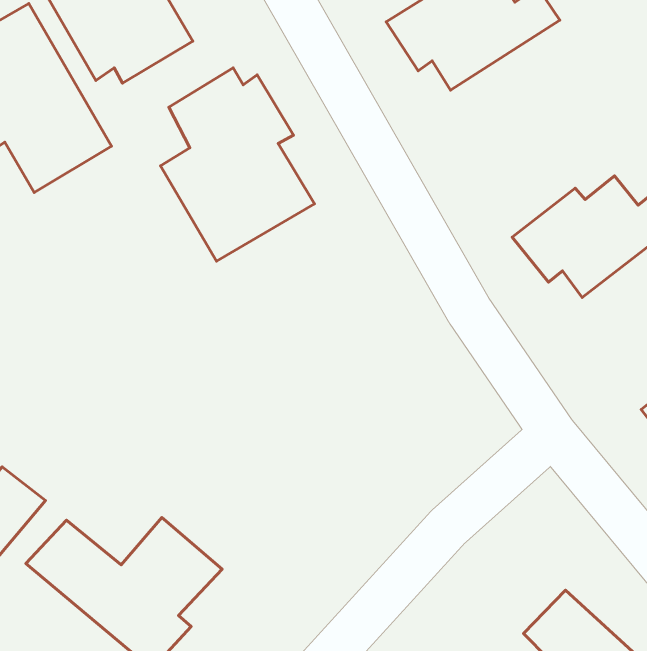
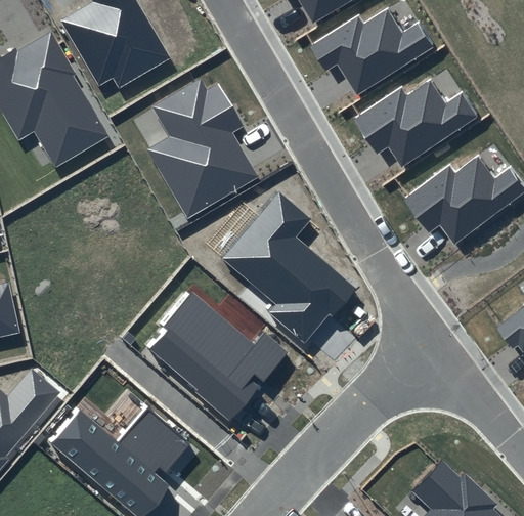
building: none -> [352,81,479,168]
building: none -> [221,191,353,345]
building: none -> [144,293,287,420]

